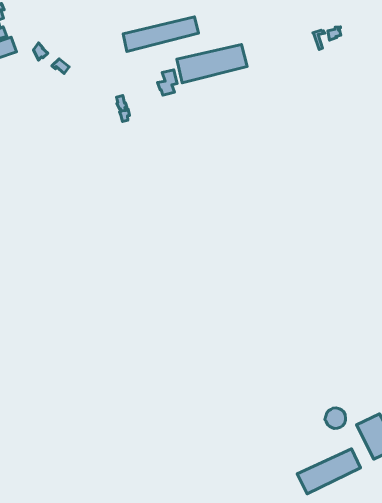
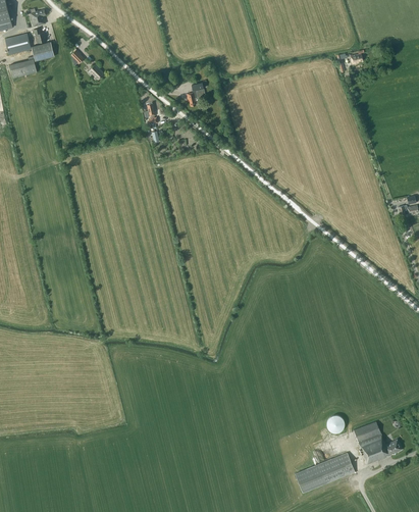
building: [123,17,199,51] -> none
building: [177,44,247,83] -> none

